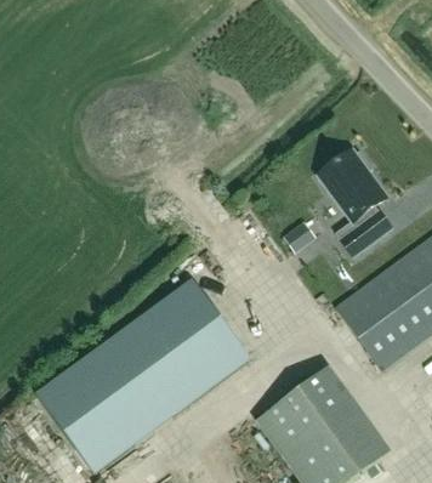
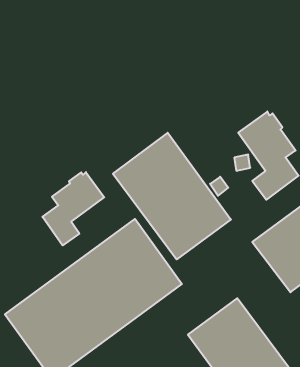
building: none -> [113,133,231,259]
building: none -> [42,172,104,245]

